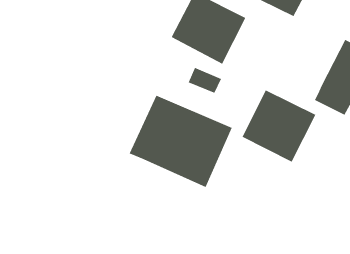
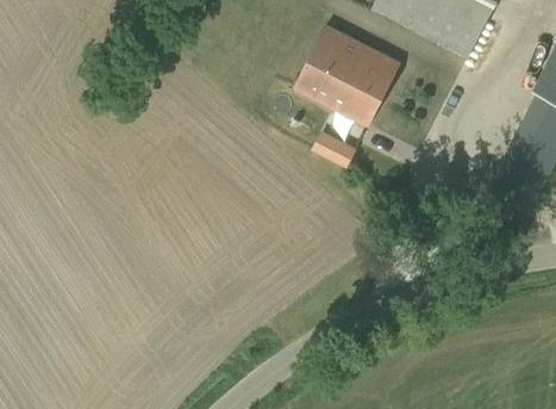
building: [242,90,316,163] -> none
building: [129,95,232,188] -> none

